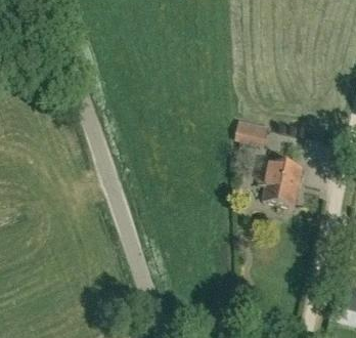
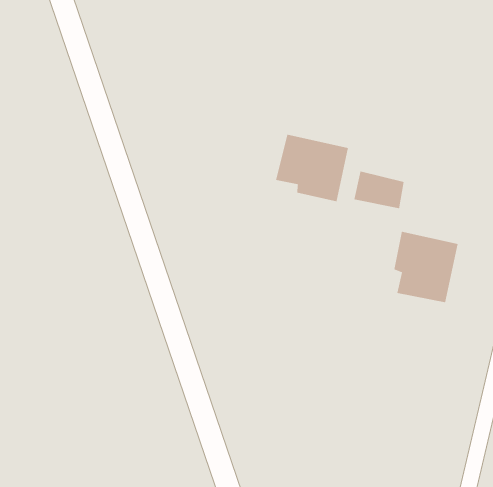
building: none -> [276,134,349,202]

